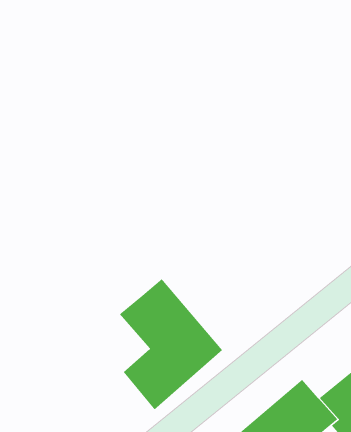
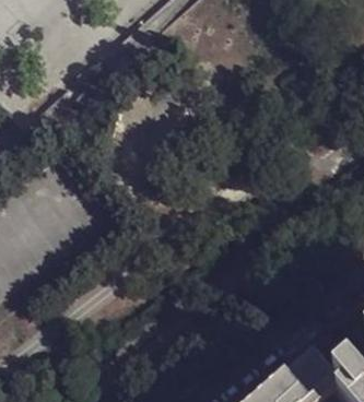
building: [119,278,223,410] -> none

